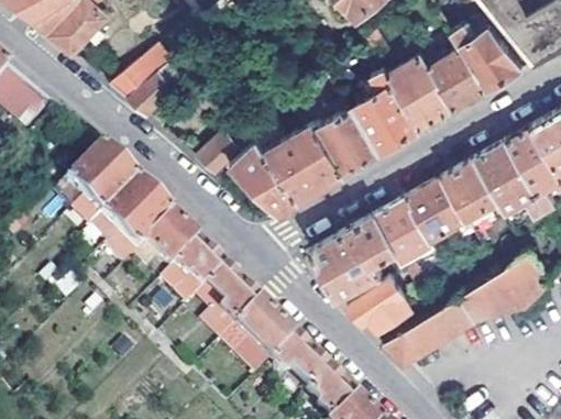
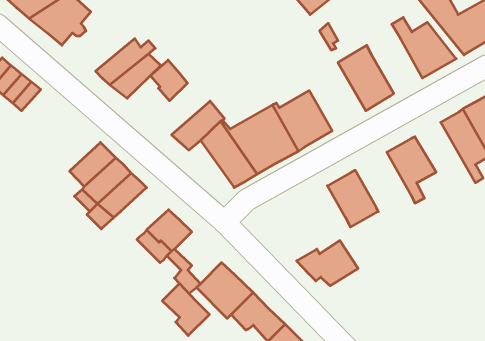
building: [428,47,486,110] -> none
building: [356,68,421,153] -> none
building: none -> [151,60,187,101]
building: [477,143,547,220] -> none
building: [64,147,118,199] -> none
building: [409,177,473,241] -> none
building: [312,216,398,301] -> none
building: [141,218,196,271] -> none
building: [385,254,550,366] -> none
building: [202,268,256,328] -> [162,284,209,336]

